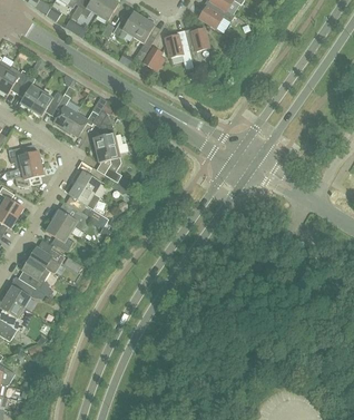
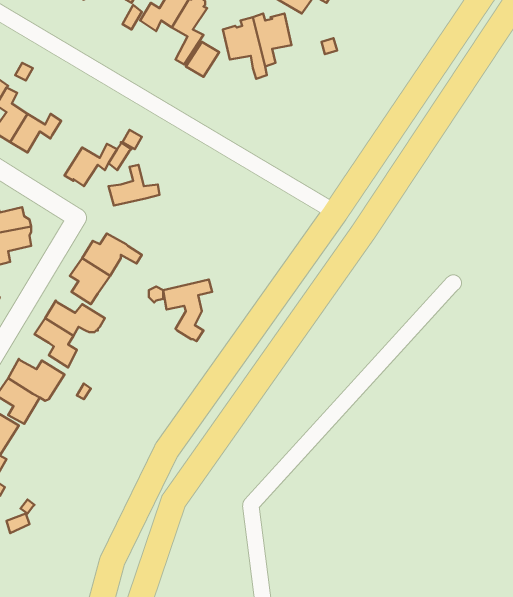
building: [52,85,76,129] -> none
building: [96,141,127,180] -> [163,279,212,341]

